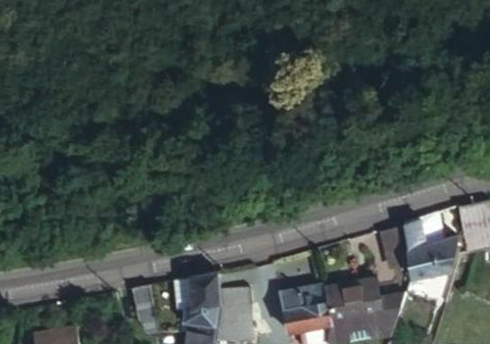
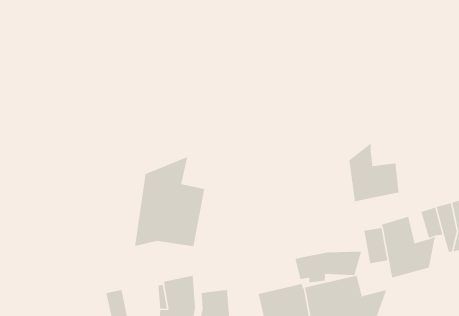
building: none -> [349,142,399,202]
building: none -> [134,156,205,248]
building: none -> [295,251,362,283]

